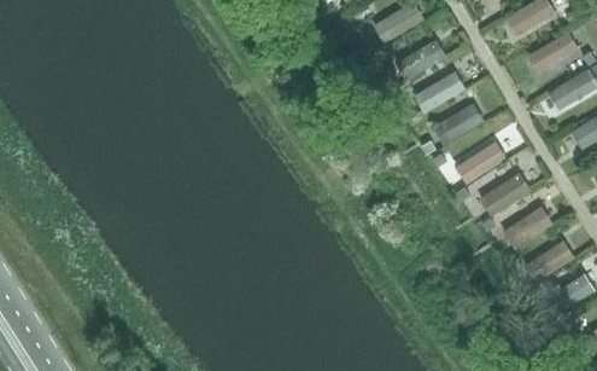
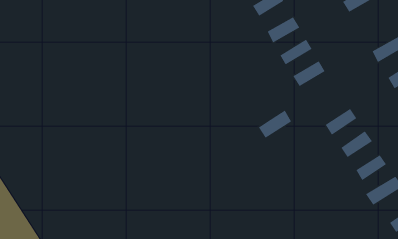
building: [527,33,575,73] -> none
building: [452,143,502,185] -> [258,110,292,139]

